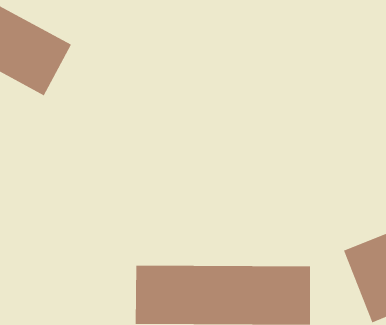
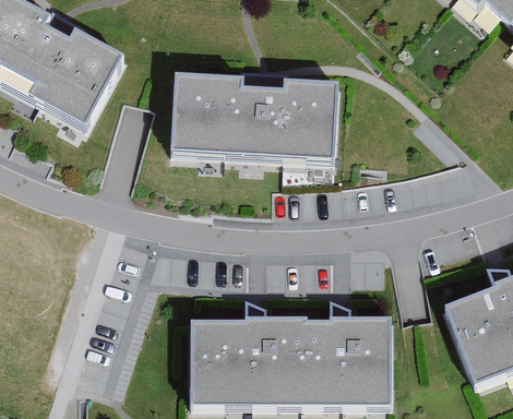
building: none -> [170,80,336,160]

